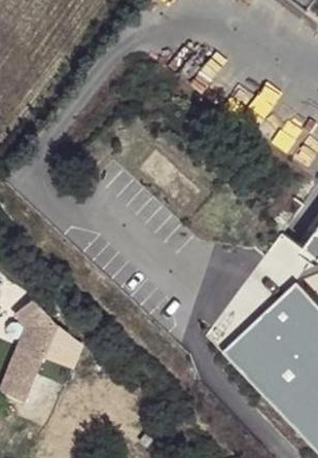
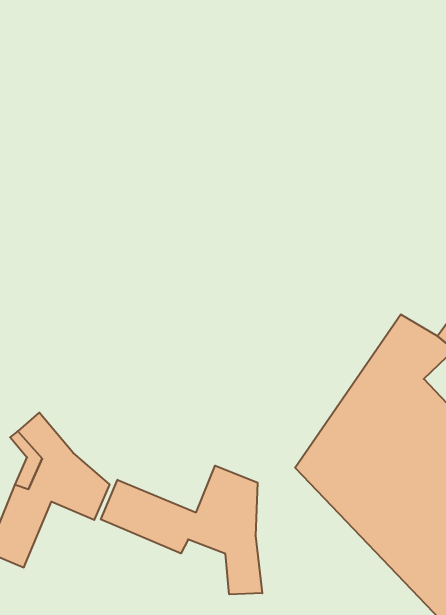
building: none -> [101,466,262,594]

